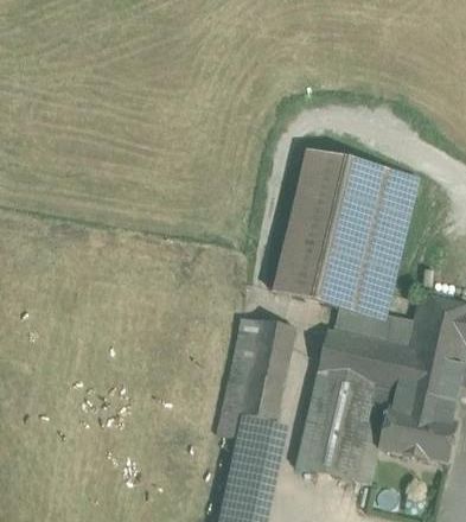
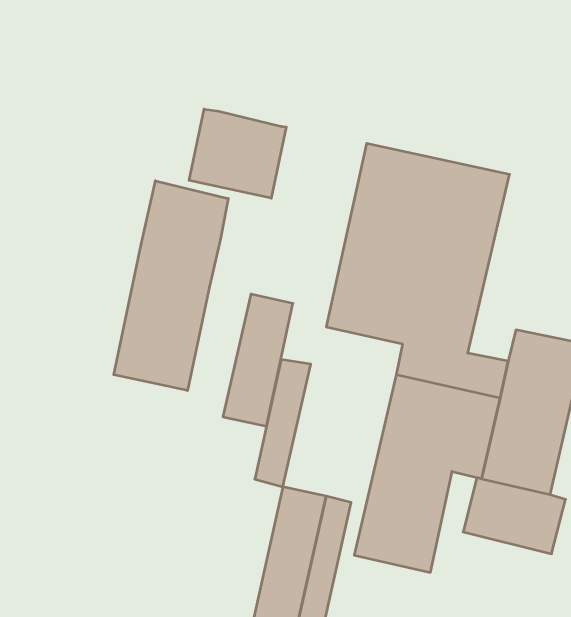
building: none -> [189,109,286,198]
building: none -> [114,181,228,391]
building: [242,322,295,422] -> [223,294,293,426]

